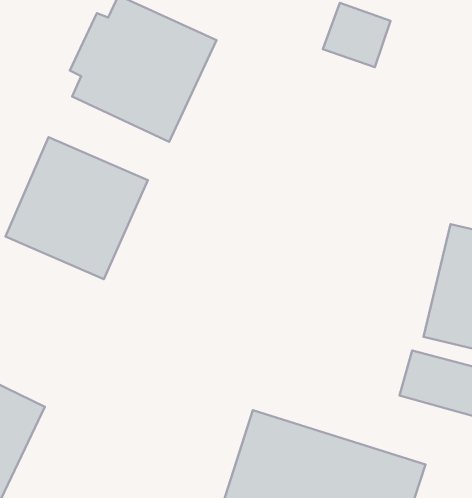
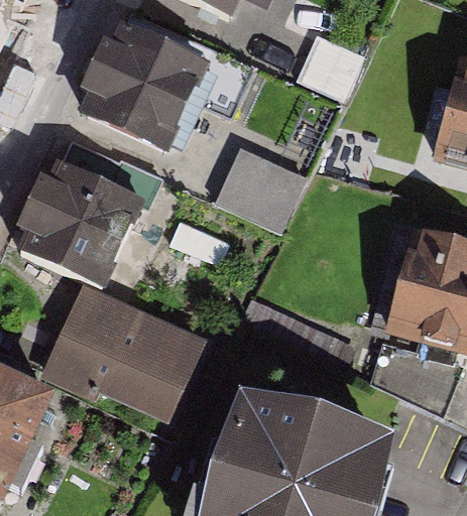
building: none -> [218,151,304,222]
building: none -> [50,290,208,424]

